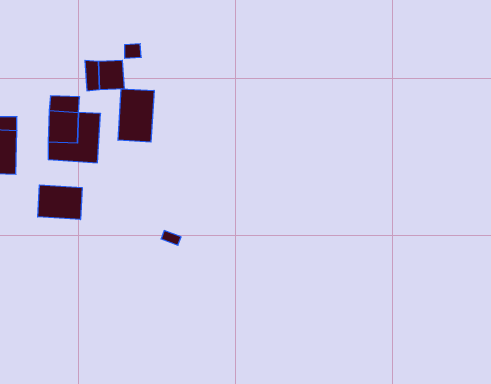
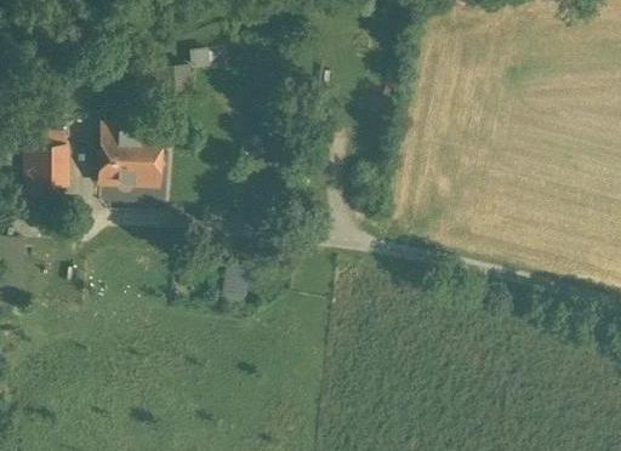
building: [118,89,154,142] -> none
building: [38,185,82,220] -> none

